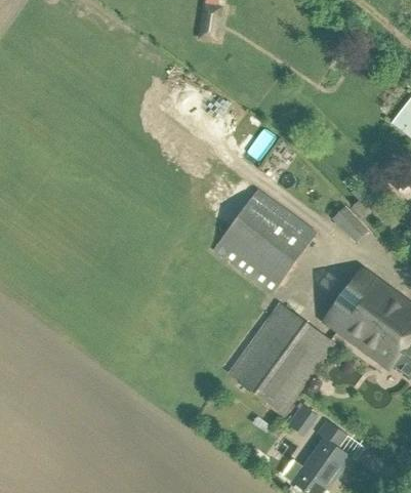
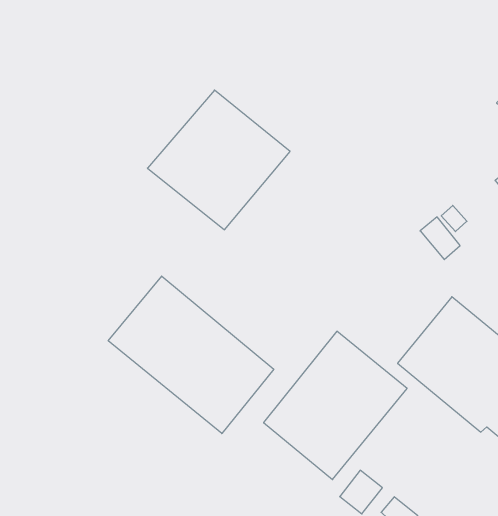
building: [210,188,317,292] -> [147,90,290,230]
building: none -> [108,276,274,434]

